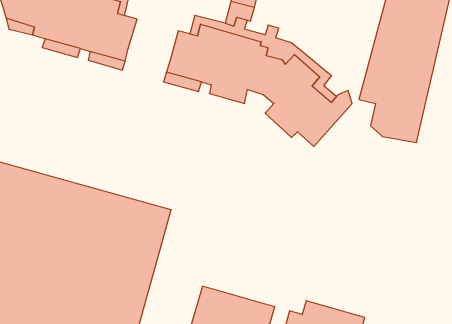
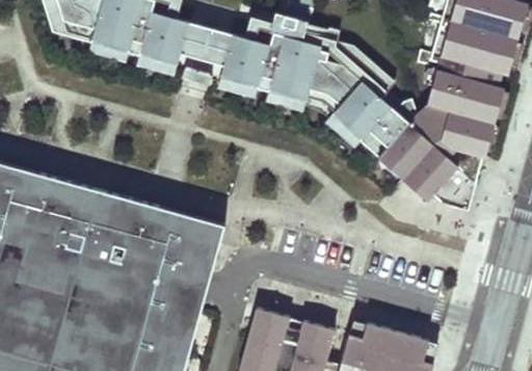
building: none -> [179,23,232,67]
building: none -> [376,118,478,215]

